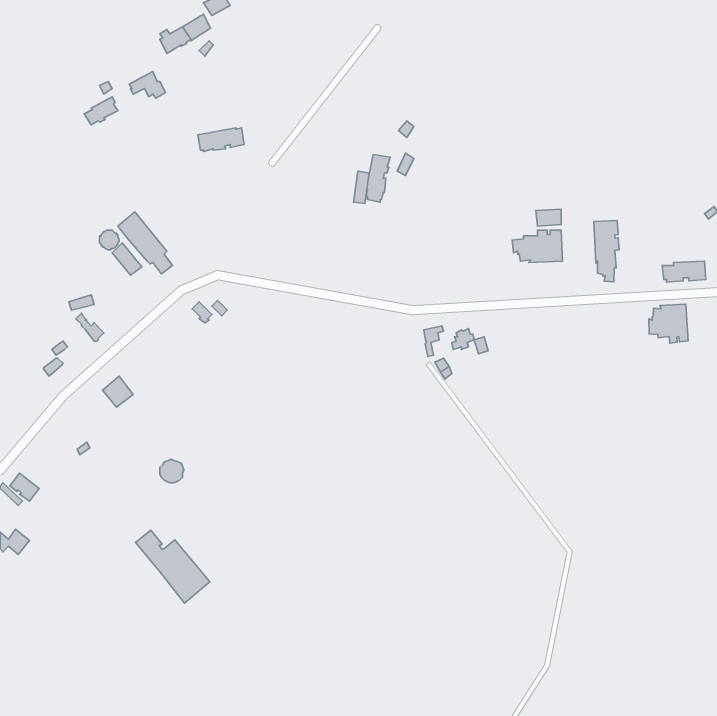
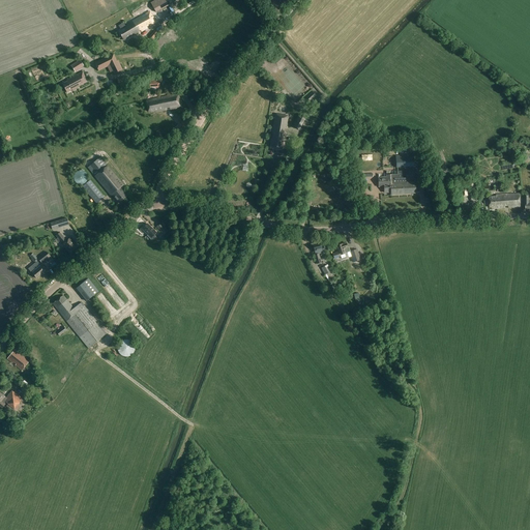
building: [594,221,619,282] -> none
building: [649,304,688,343] -> none
building: [135,530,210,603] -> [52,294,107,348]

